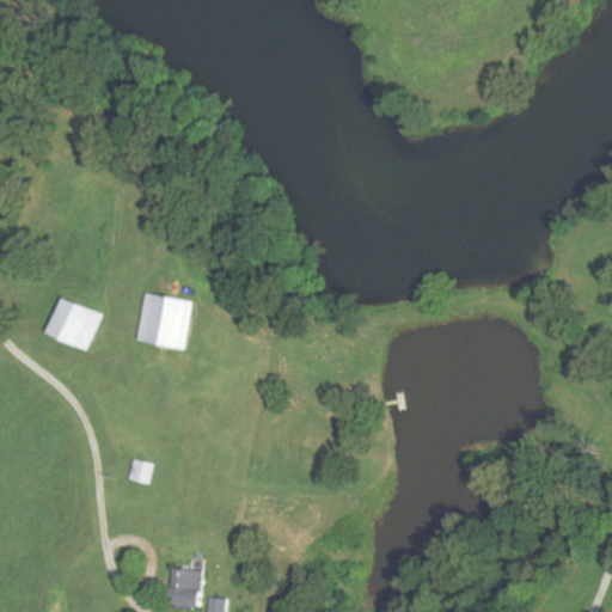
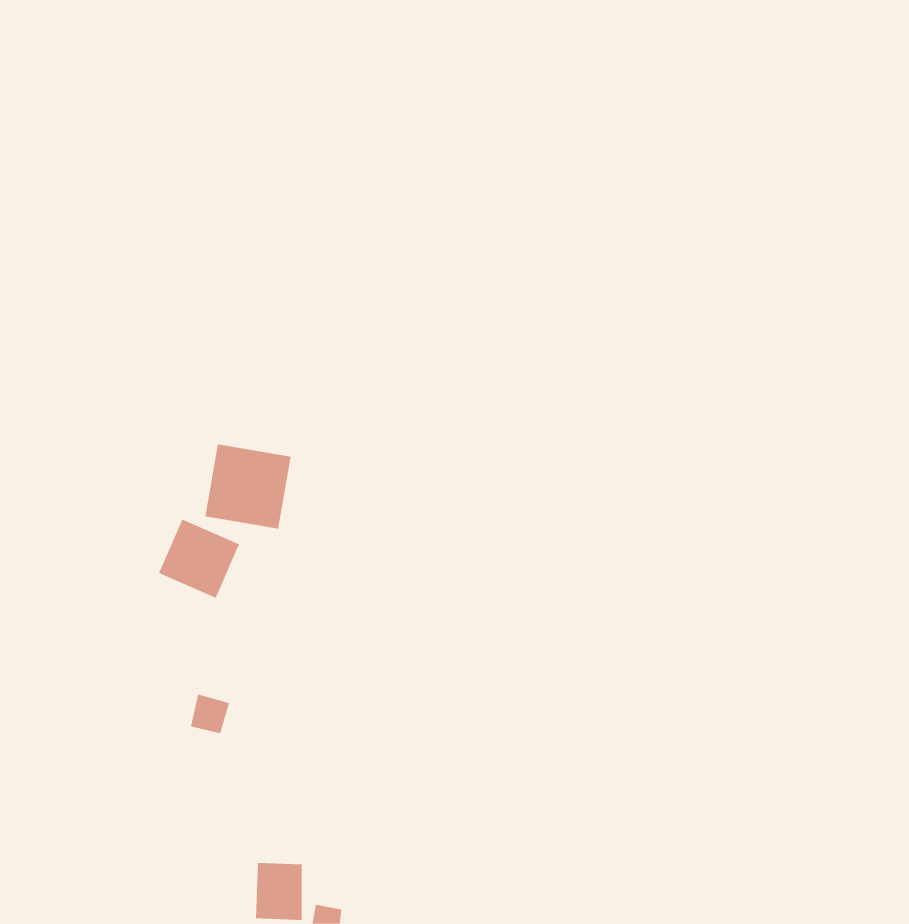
building: [44,298,98,350] -> [158,519,240,598]

